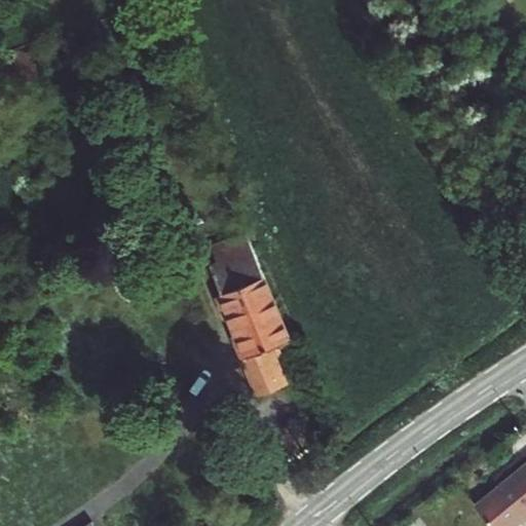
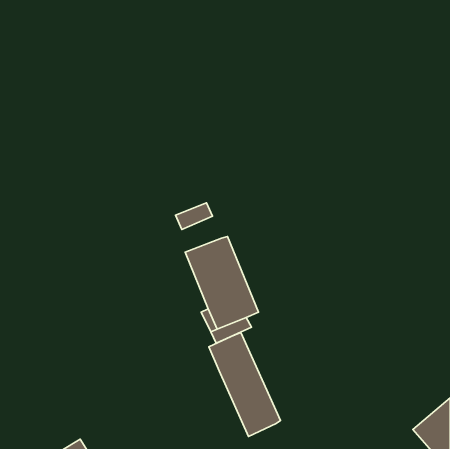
building: [204,254,258,296] -> none
building: none -> [209,332,281,437]

